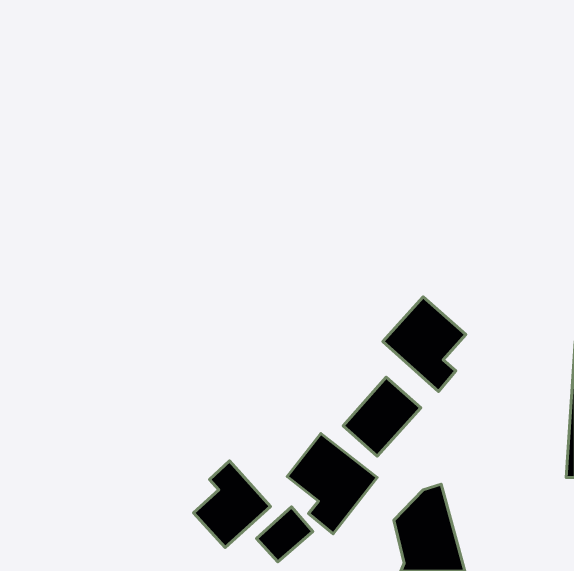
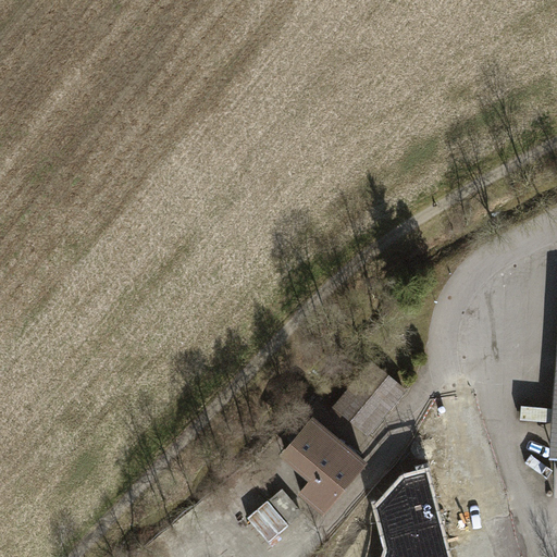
building: [383,297,466,391] -> none
building: [194,461,271,548] -> none

